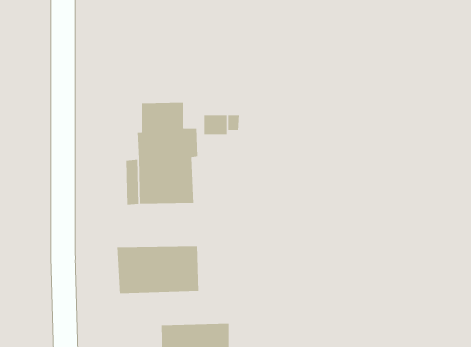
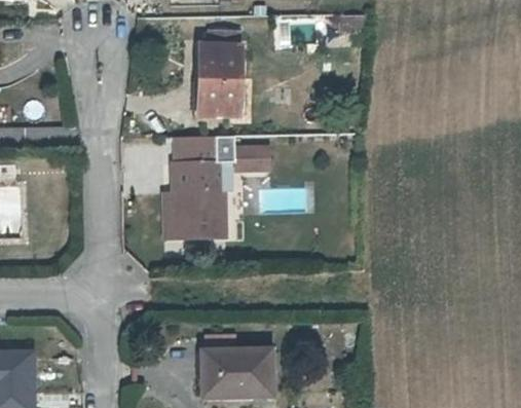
building: none -> [198,42,236,112]
building: [117,245,199,294] -> none

